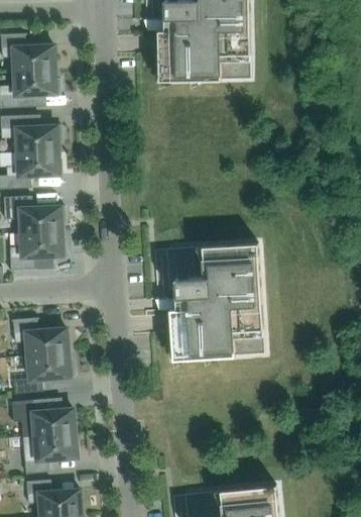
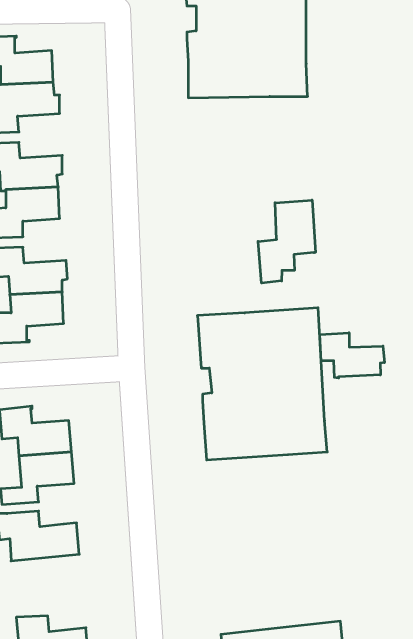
building: none -> [258,200,315,283]
building: none -> [320,333,384,378]
building: [22,432,77,474] -> none

